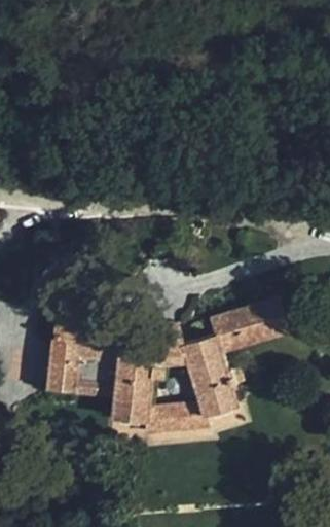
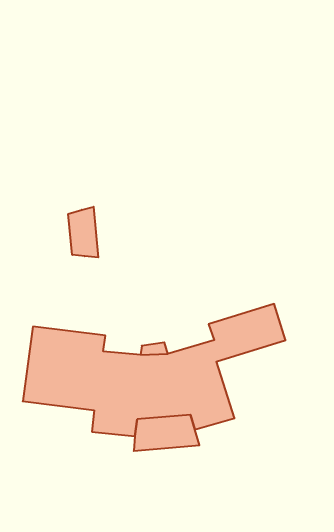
building: none -> [68,207,98,257]

